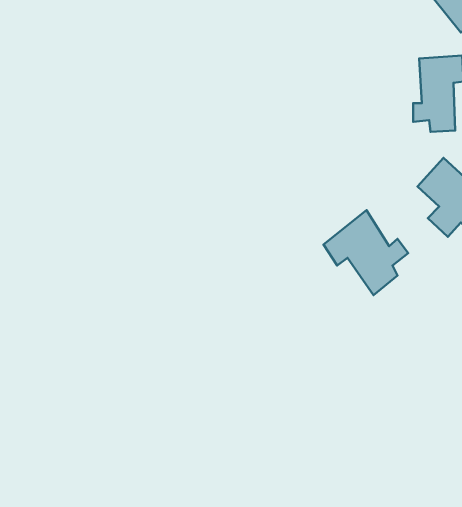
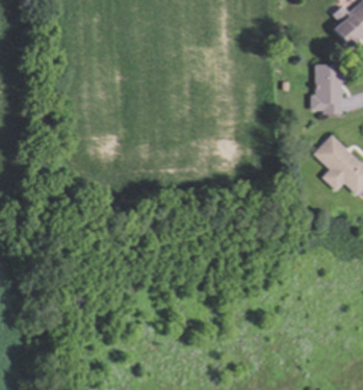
building: [324,210,408,295] -> none

